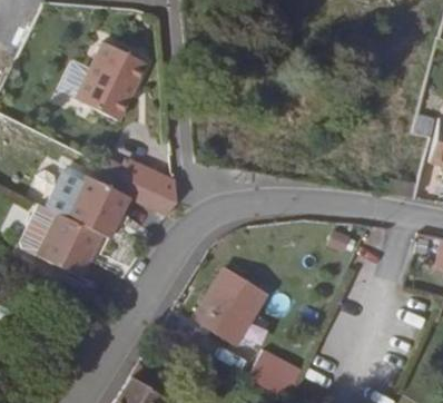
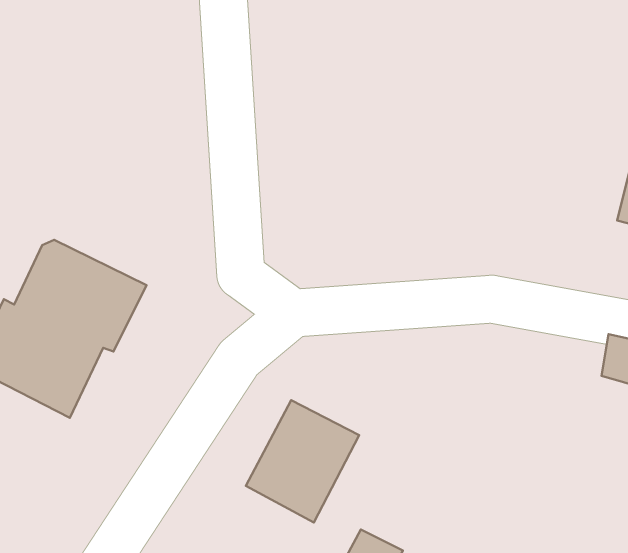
building: [76,43,145,122] -> none
building: [124,159,174,205] -> none

